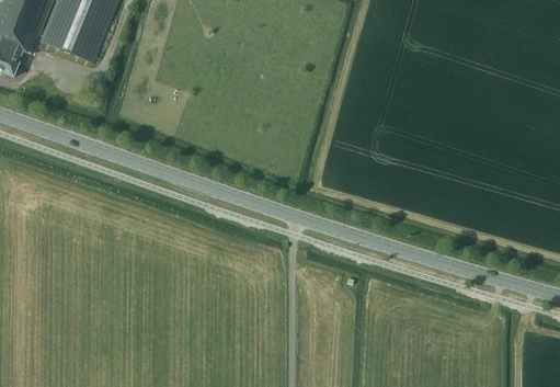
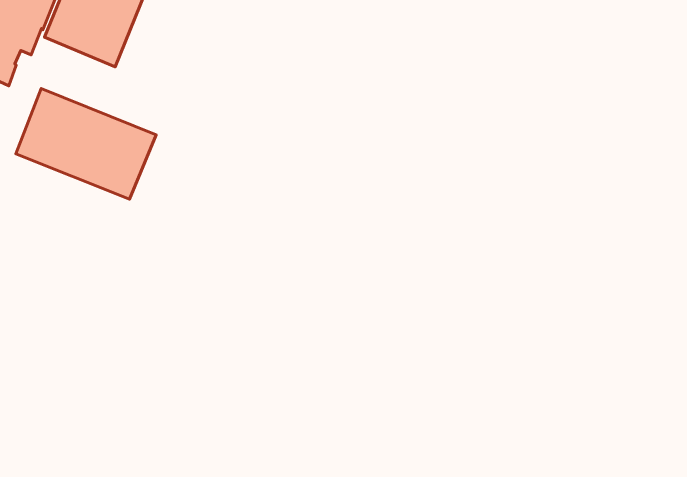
building: none -> [16,88,156,199]

